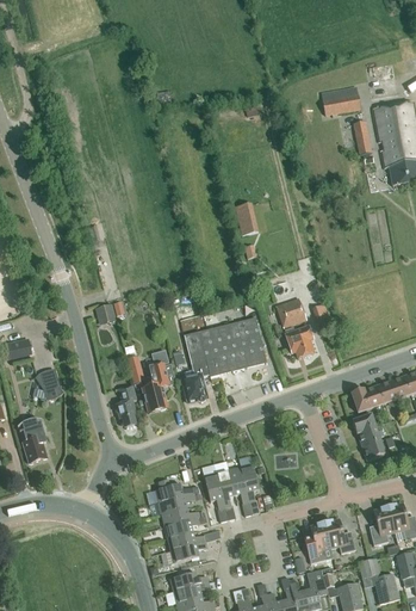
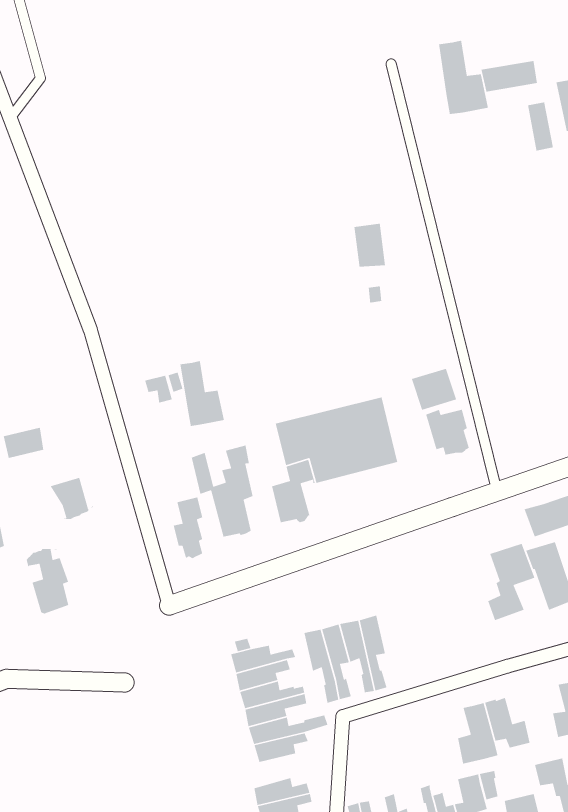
building: none -> [438,40,489,115]
building: none -> [179,360,225,427]
building: none -> [487,543,536,621]

